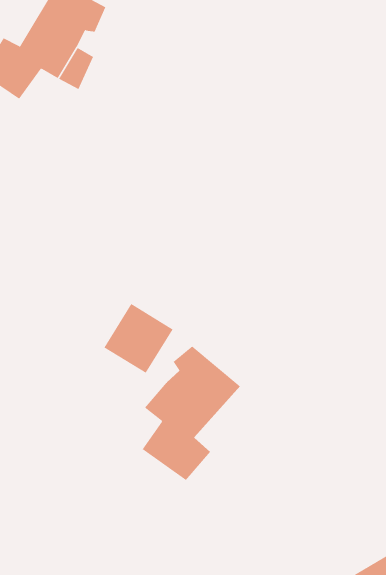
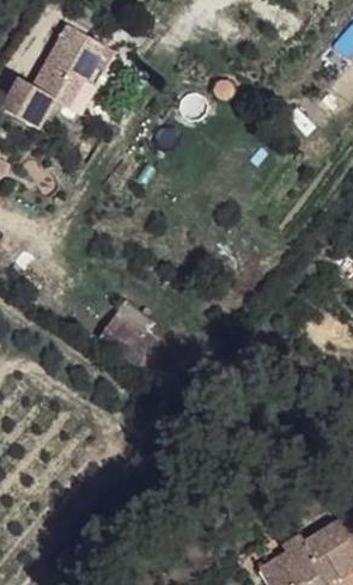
building: [142,345,241,481] -> none

